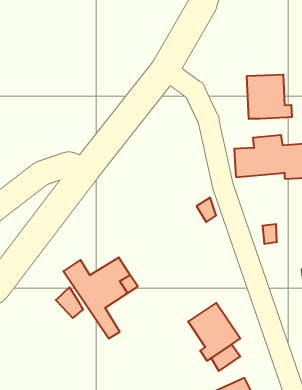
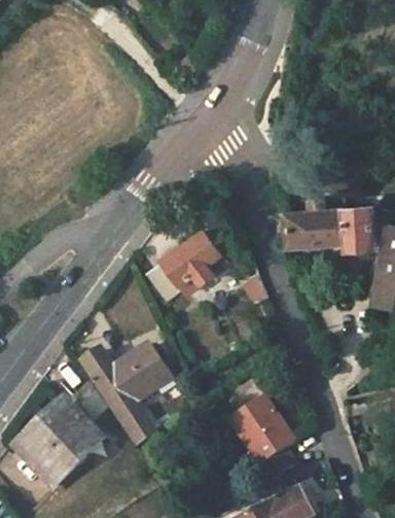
building: [247,74,292,119] -> none
building: none -> [145,232,227,302]
building: none -> [20,403,102,485]

